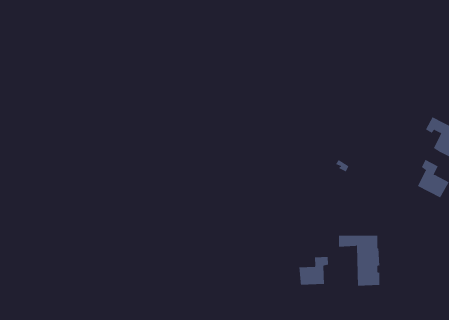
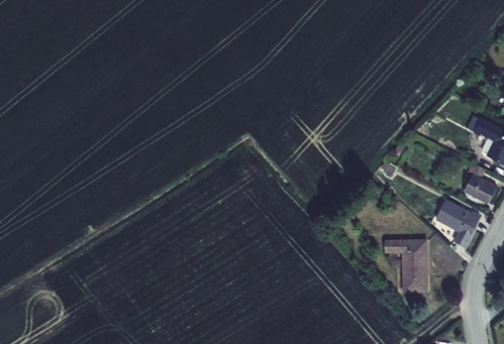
building: none -> [436,201,480,247]
building: [299,256,328,286] -> none

